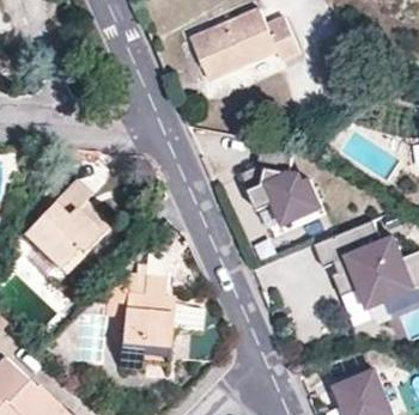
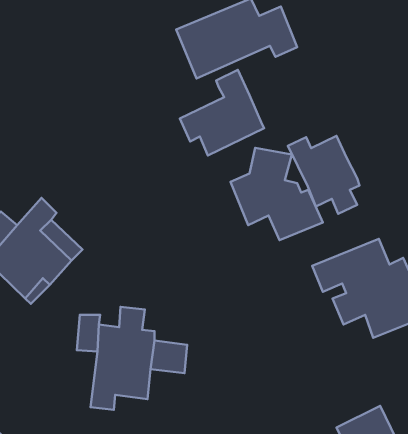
building: none -> [180,70,264,156]
building: none -> [288,136,360,214]

